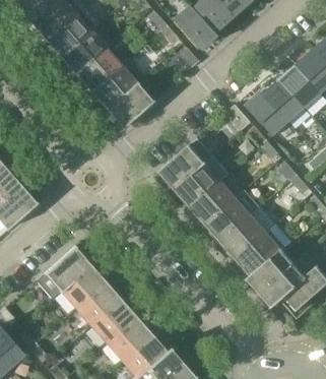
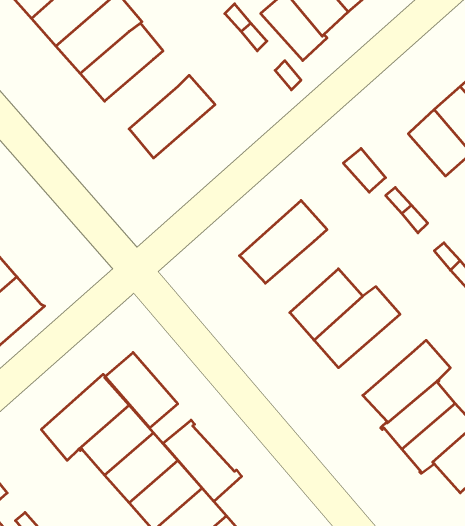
building: [74,48,120,91] -> none
building: [105,76,159,128] -> none
building: [247,90,287,133] -> none
building: [175,154,229,206] -> none
building: [220,214,266,258] -> none
building: none -> [105,352,178,428]
building: none -> [163,420,242,501]

